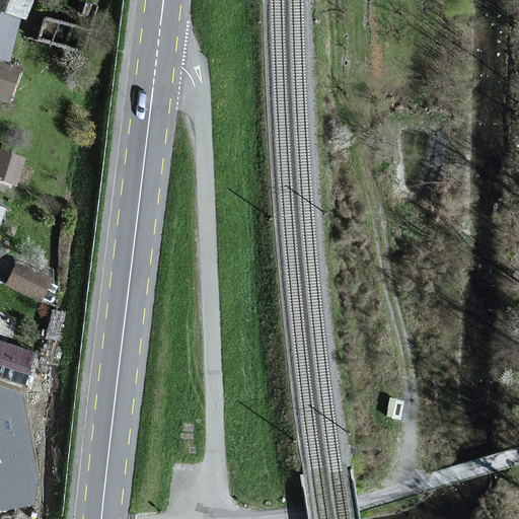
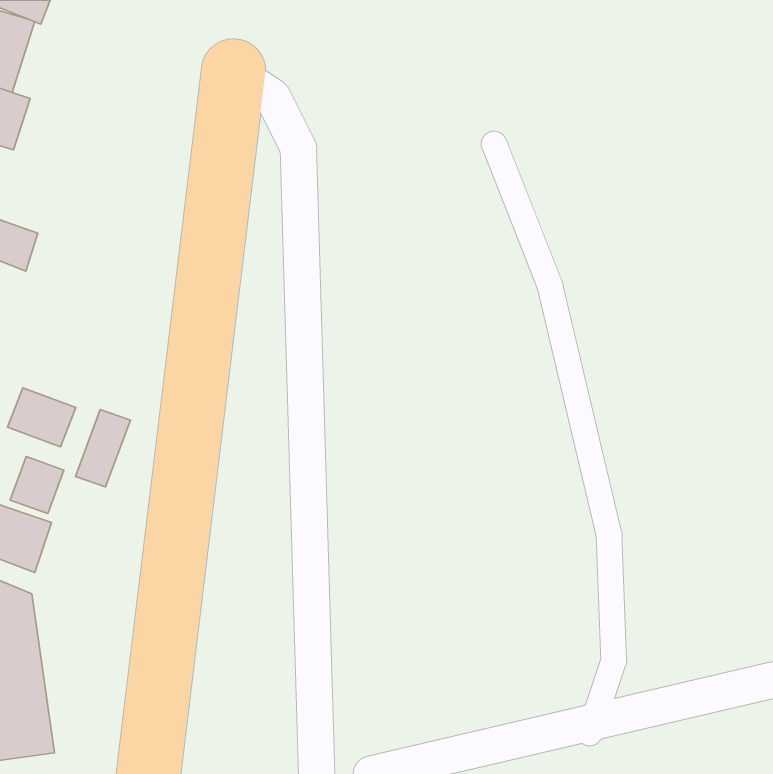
building: none -> [75,410,130,487]
building: none -> [10,457,64,514]

